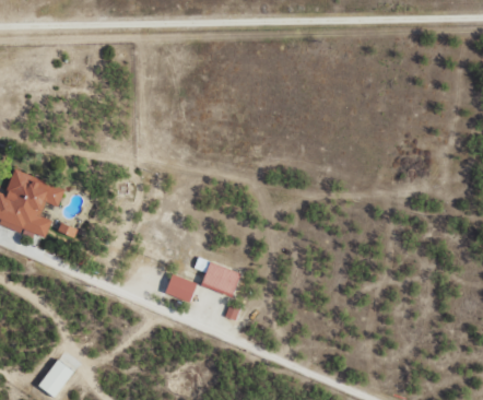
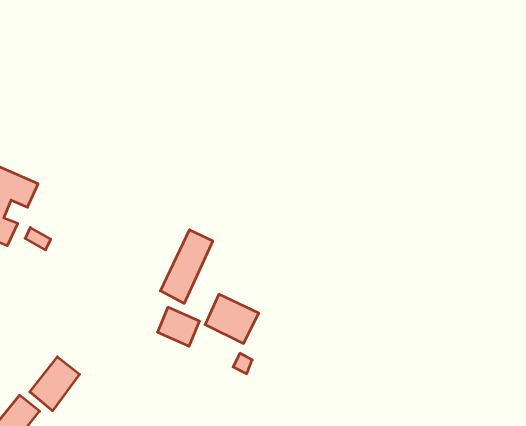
building: none -> [160,230,213,303]
building: none -> [30,357,80,411]

